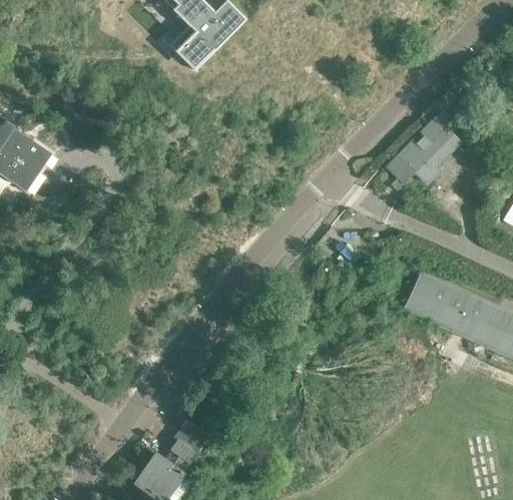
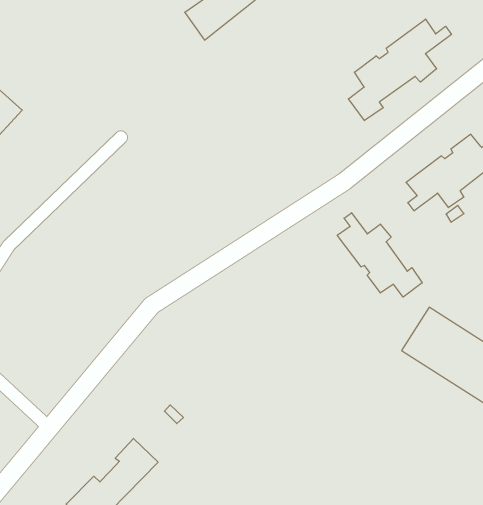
building: none -> [348,19,452,121]
building: none -> [337,213,422,297]

